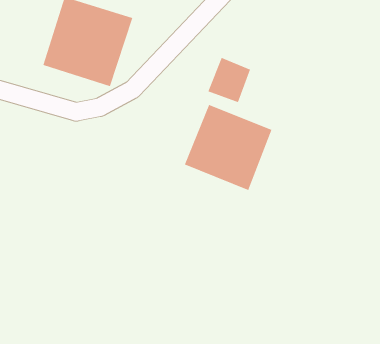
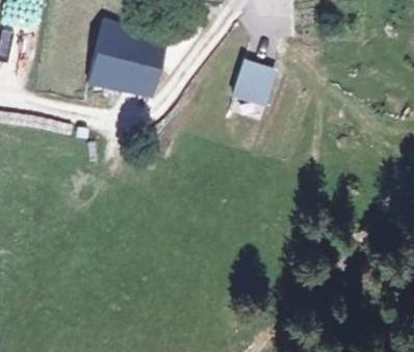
building: [184,104,272,191] -> none

